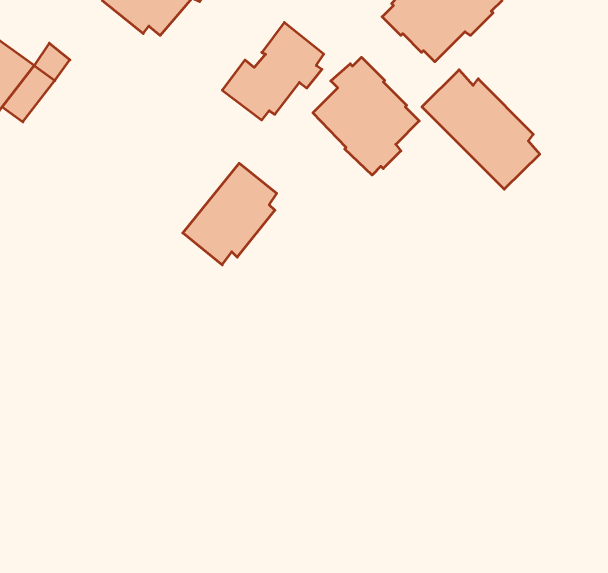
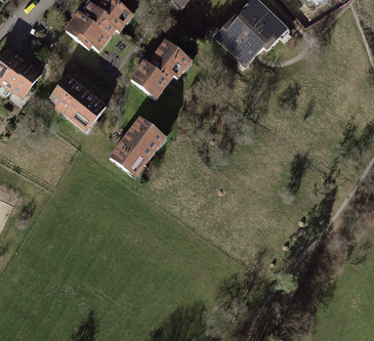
building: [313,57,419,175] -> none
building: [422,70,540,189] -> none
building: none -> [51,76,106,126]

